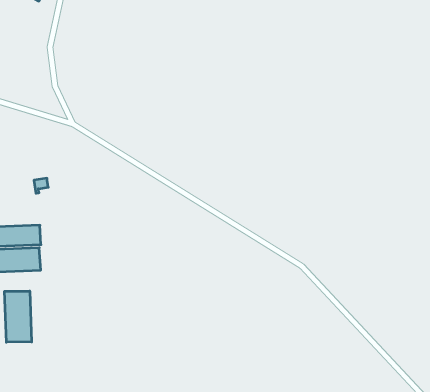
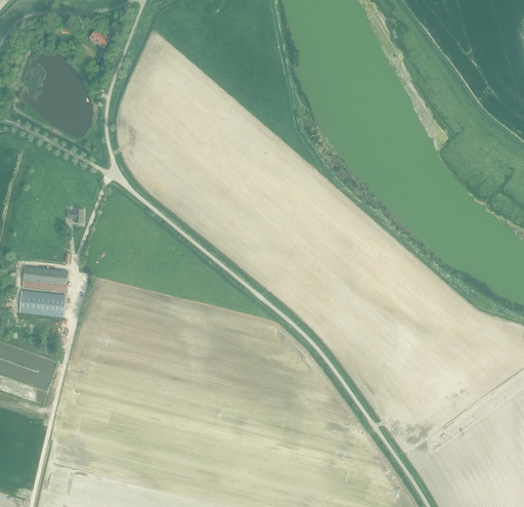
building: [5,291,32,342] -> none

